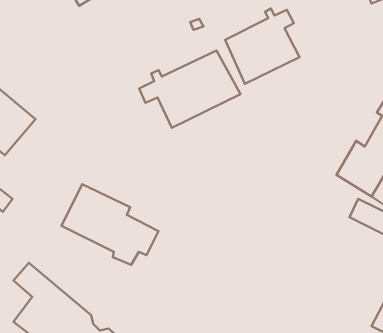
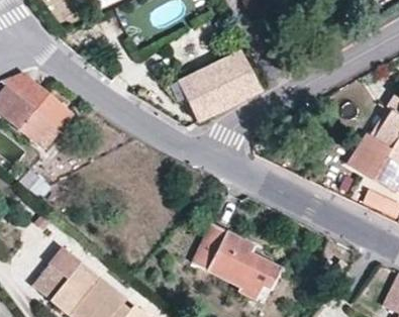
building: [225,9,300,84] -> none
building: [61,184,159,265] -> [192,224,282,299]

